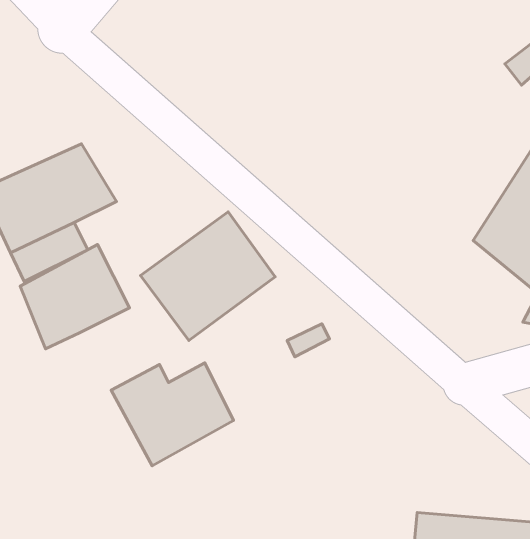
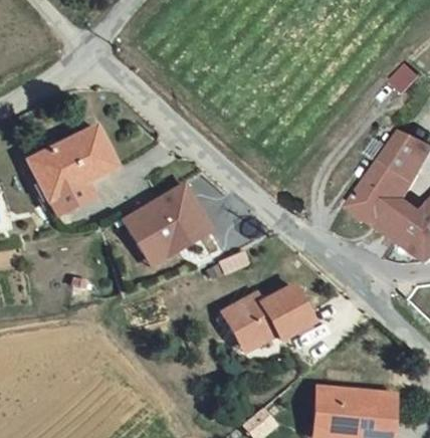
building: [20,244,129,349] -> none
building: [111,363,234,466] -> [228,277,309,346]

